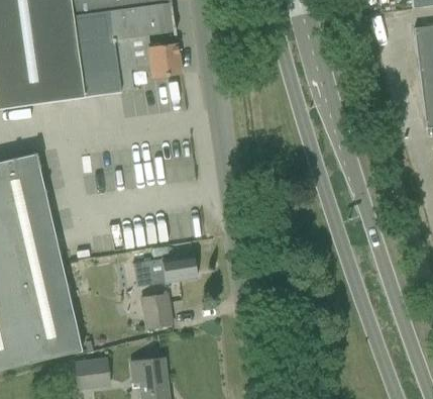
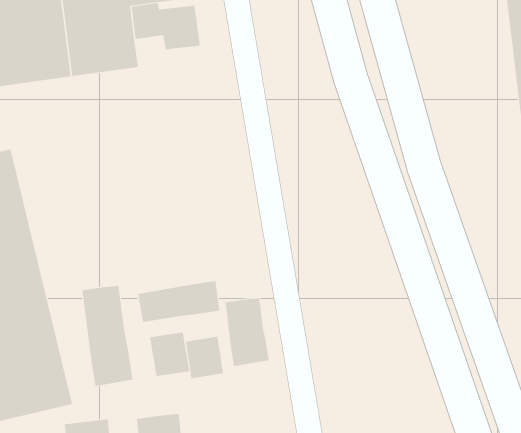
building: none -> [82,285,133,387]
building: none -> [225,297,269,367]
building: none -> [185,336,223,379]

